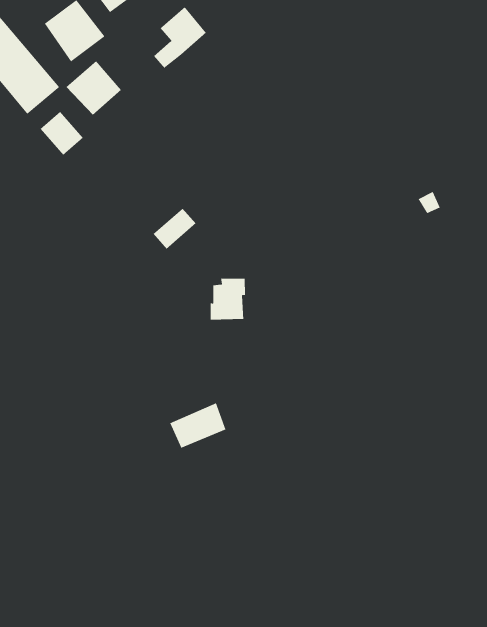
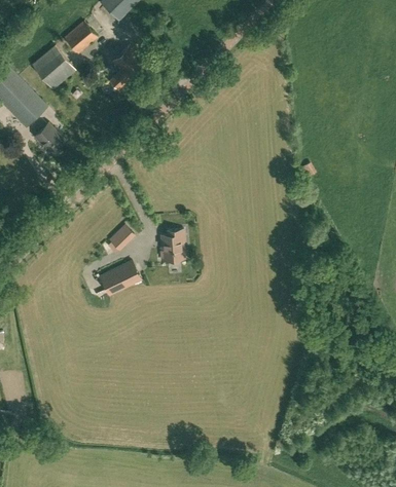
building: [65,60,122,115] -> none
building: [153,208,196,250] -> [105,224,135,254]
building: [169,402,227,449] -> [101,261,141,295]

